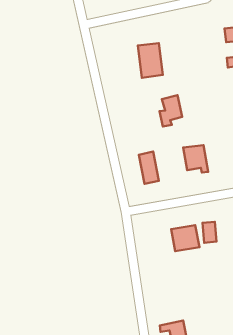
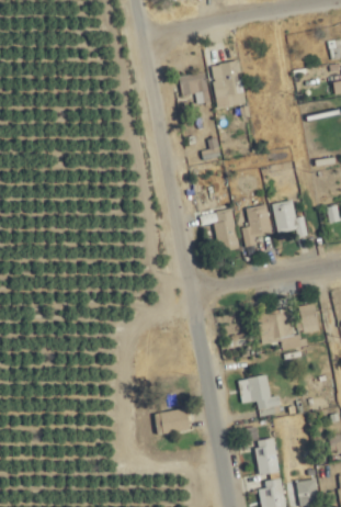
building: none -> [178,74,208,104]
building: [160,95,182,127] -> [241,204,272,247]
building: none -> [246,375,280,417]
building: none -> [152,408,190,436]

